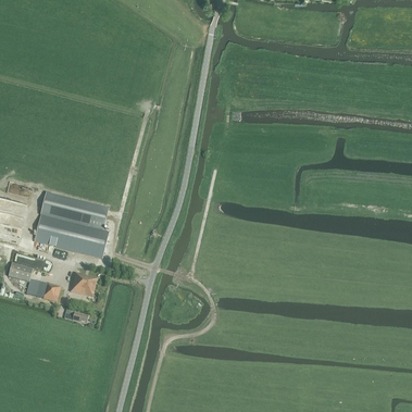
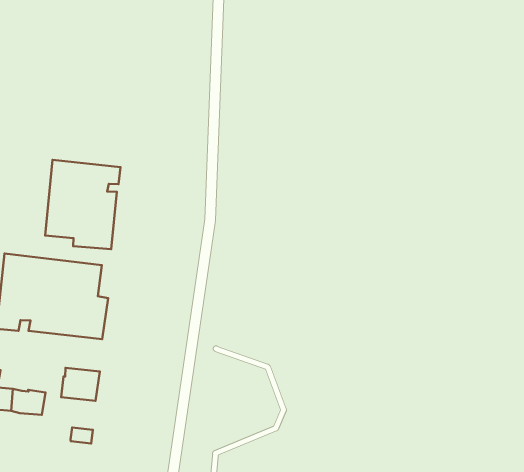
building: none -> [45,160,121,249]

